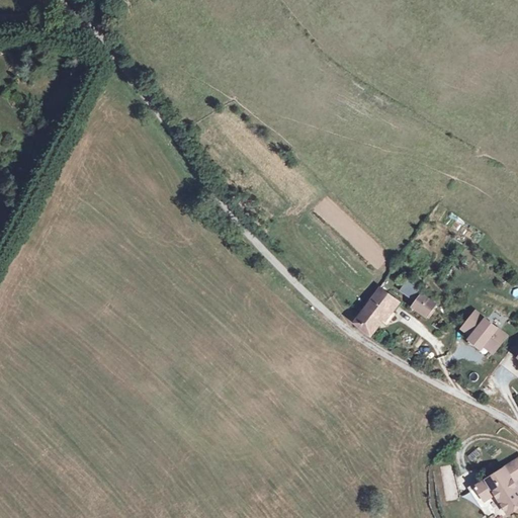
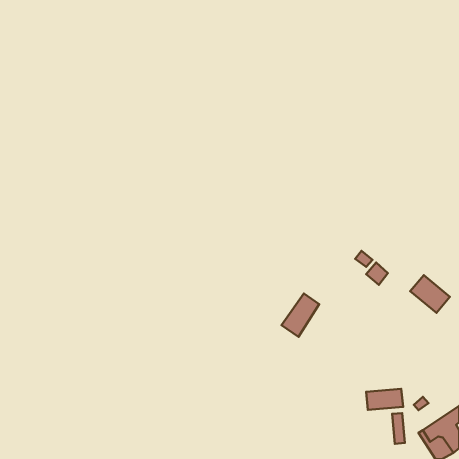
building: [354,286,397,335] -> [281,293,319,337]
building: none -> [366,389,403,410]

